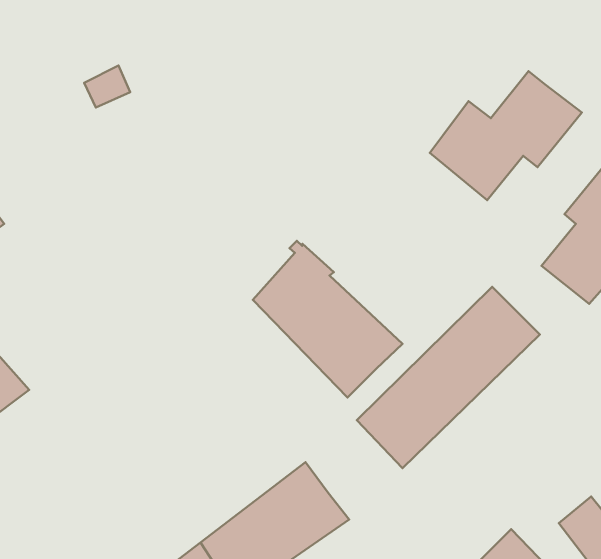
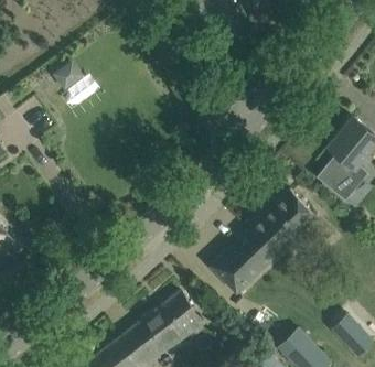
building: [430,71,582,200] -> none
building: [253,241,403,397] -> none

